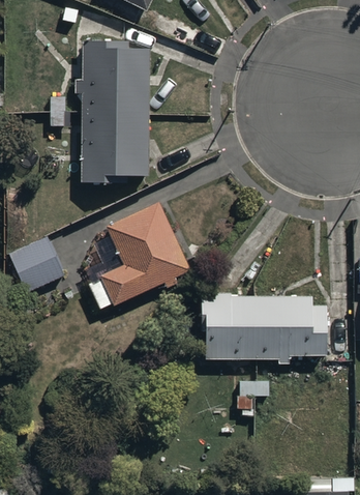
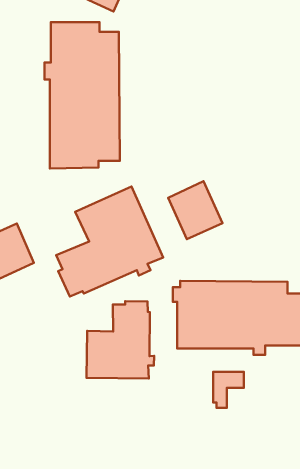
building: none -> [168,181,223,239]
building: none -> [87,301,154,378]

